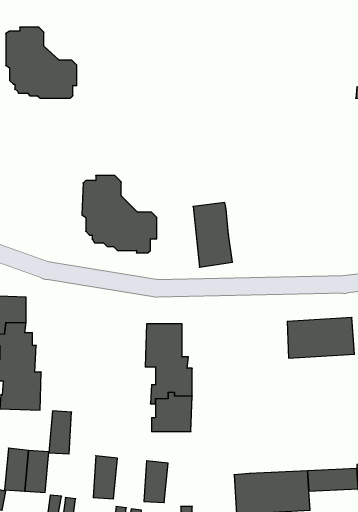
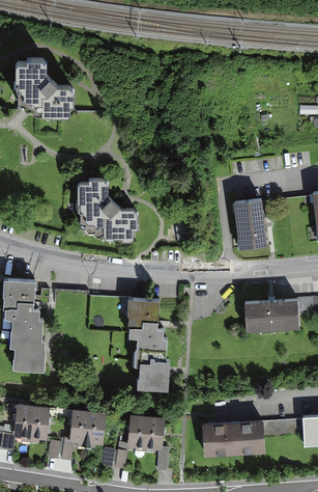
building: [193,203,232,267] -> [235,197,267,250]
building: [49,411,72,454] -> [70,408,89,443]
building: none -> [145,415,166,448]

